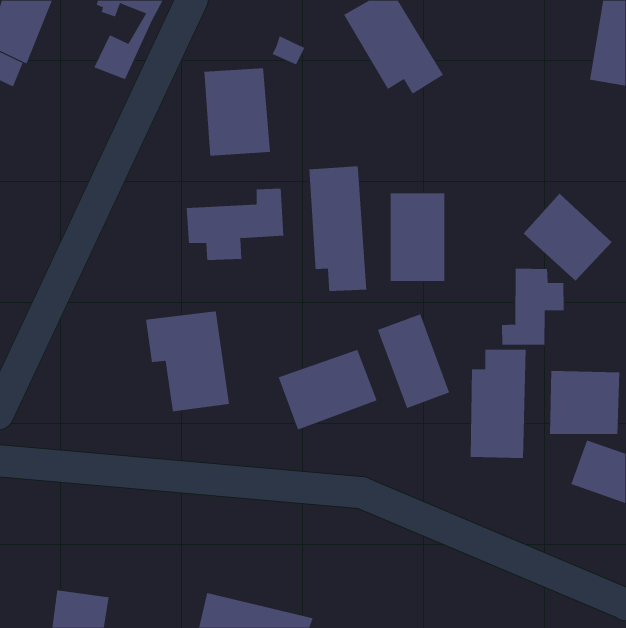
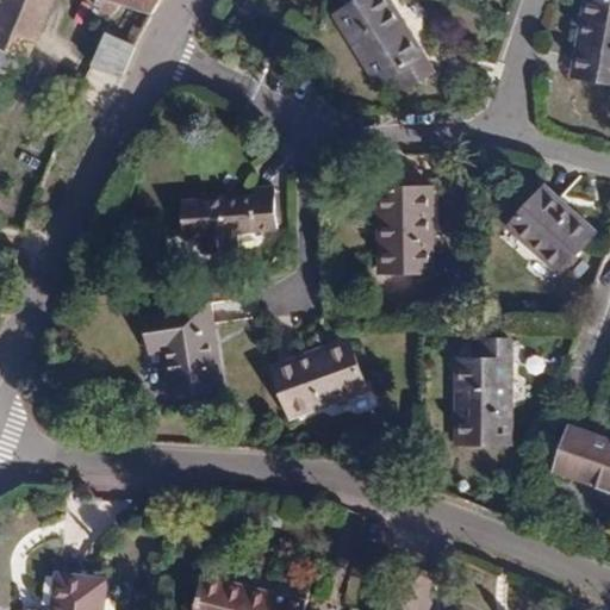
building: [204,68,270,157] -> none
building: [309,165,367,292] -> none
building: [502,268,564,346] -> none
building: [377,314,450,409] -> none
building: [549,370,620,435] -> none

